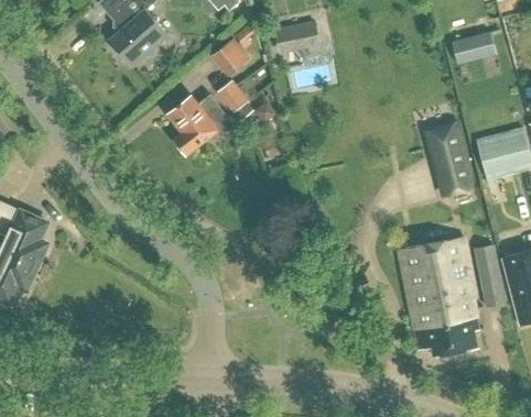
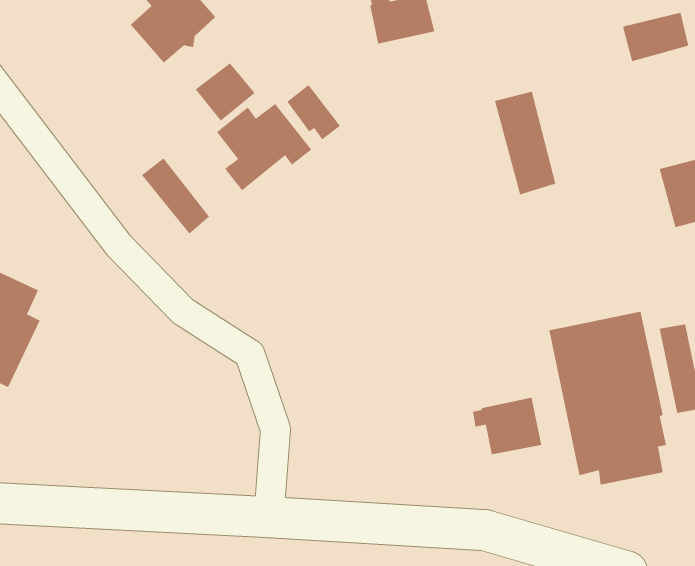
building: [209,39,251,79] -> [195,62,256,122]
building: [430,123,473,195] -> [494,91,556,195]
building: none -> [141,158,210,234]
building: none -> [472,397,542,455]

